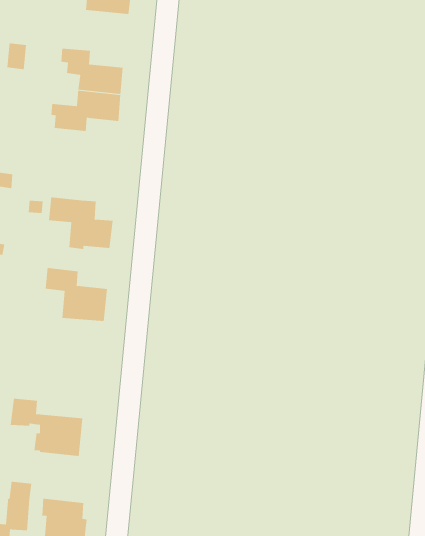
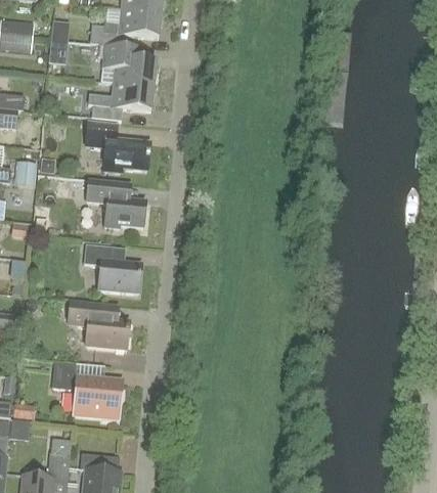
building: none -> [90,9,160,46]
building: none -> [85,121,149,172]
building: none -> [67,300,129,350]

